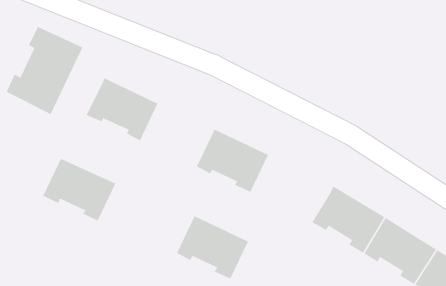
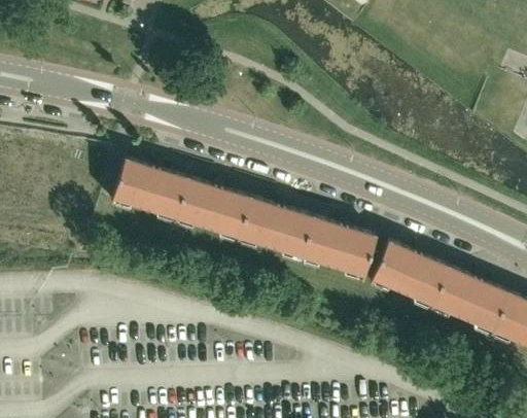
building: [6,26,83,115] -> none
building: [43,158,116,221] -> [175,179,252,241]
building: [176,215,249,279] -> [302,217,378,280]

